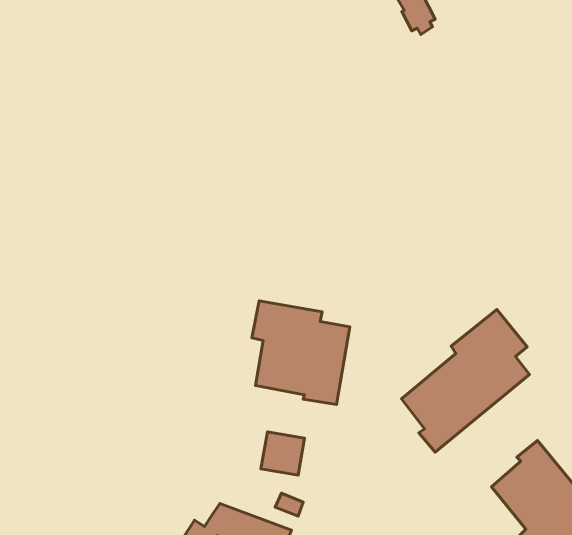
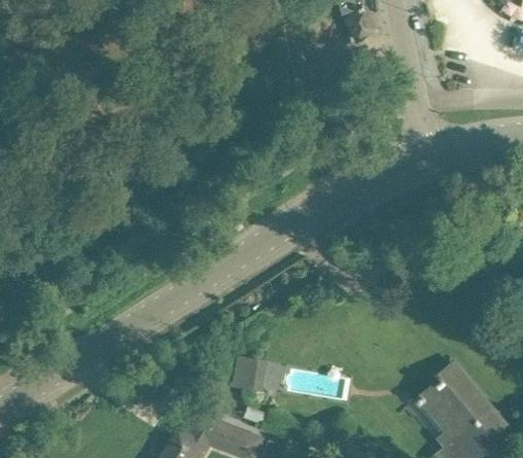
building: [252,301,350,405] -> none
building: [401,309,529,452] -> none

